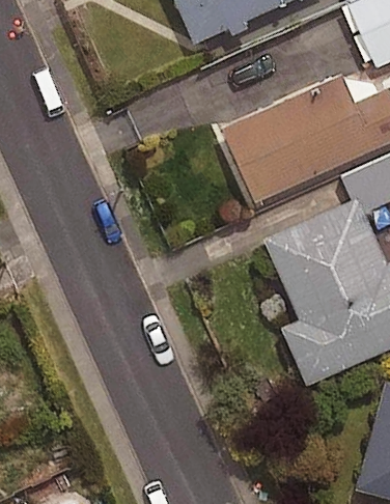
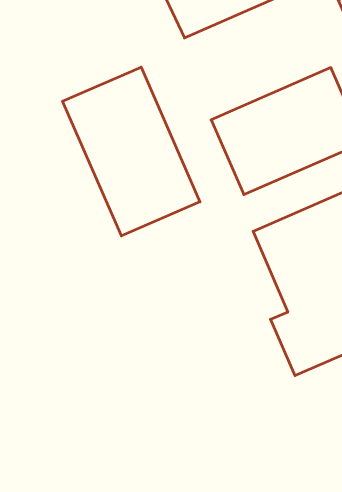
building: none -> [63,67,200,236]

